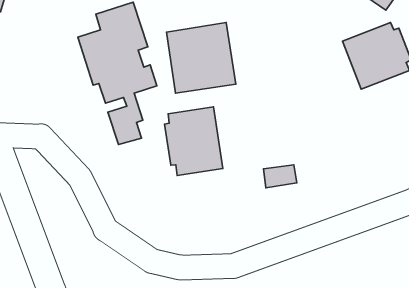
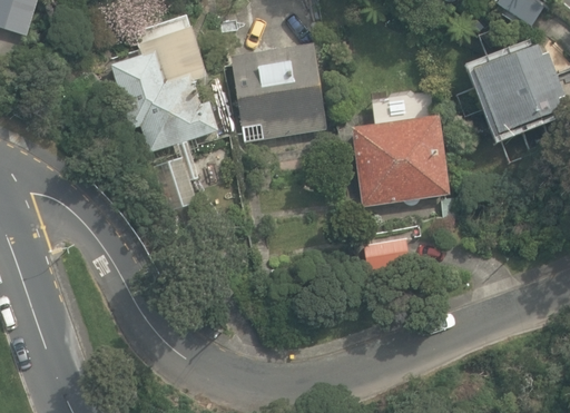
building: none -> [350,112,446,201]
building: [165,107,223,175] -> none

